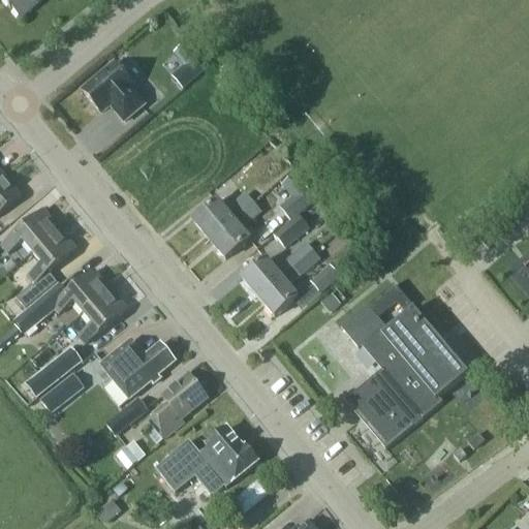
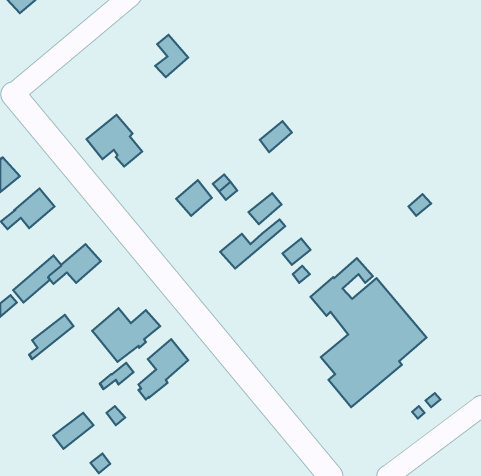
building: [83,61,144,118] -> [87,115,142,167]
building: [280,185,315,219] -> [260,121,292,152]
building: [210,217,249,256] -> none
building: [17,226,76,305] -> none
building: [258,248,320,314] -> none
building: [79,286,127,342] -> none
building: [39,371,84,410] -> [53,413,94,449]
building: [155,425,258,491] -> none

